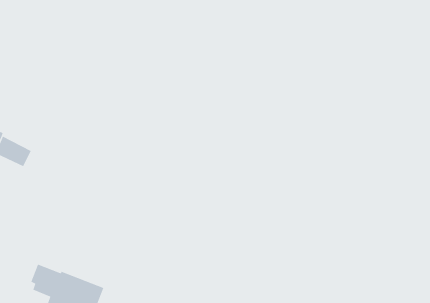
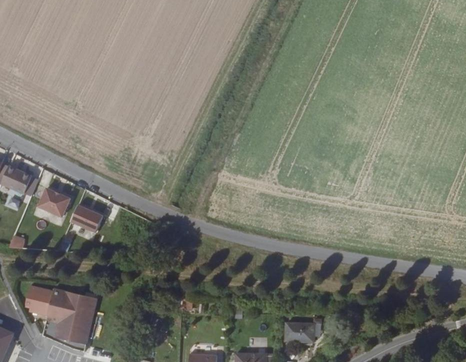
building: none -> [35,186,69,217]
building: none -> [69,204,101,230]

